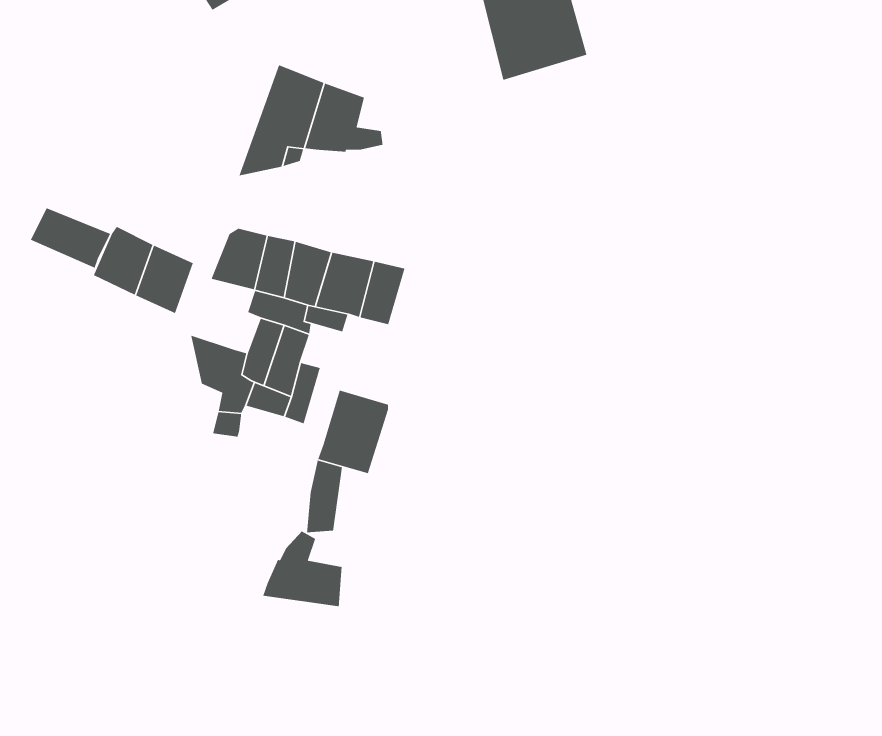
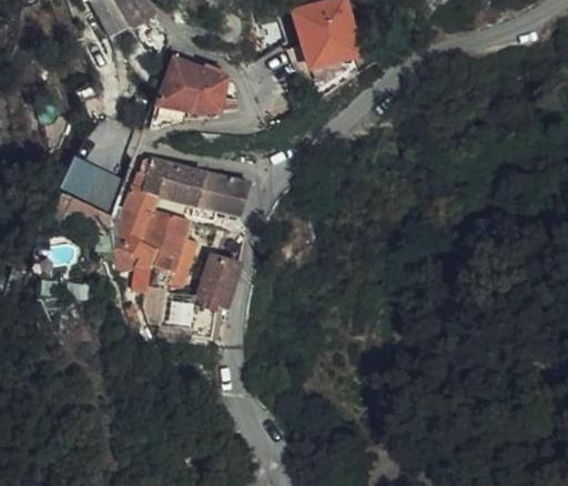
building: [30,207,111,269] -> none
building: none -> [120,188,159,230]
building: [262,531,343,607] -> none

